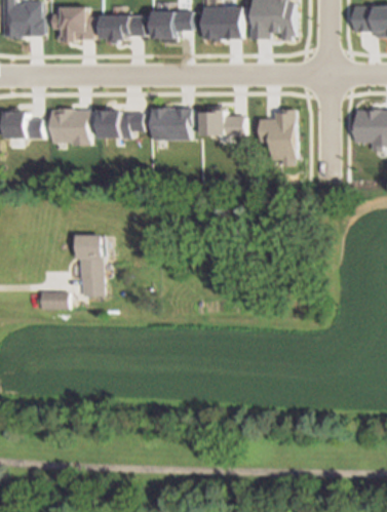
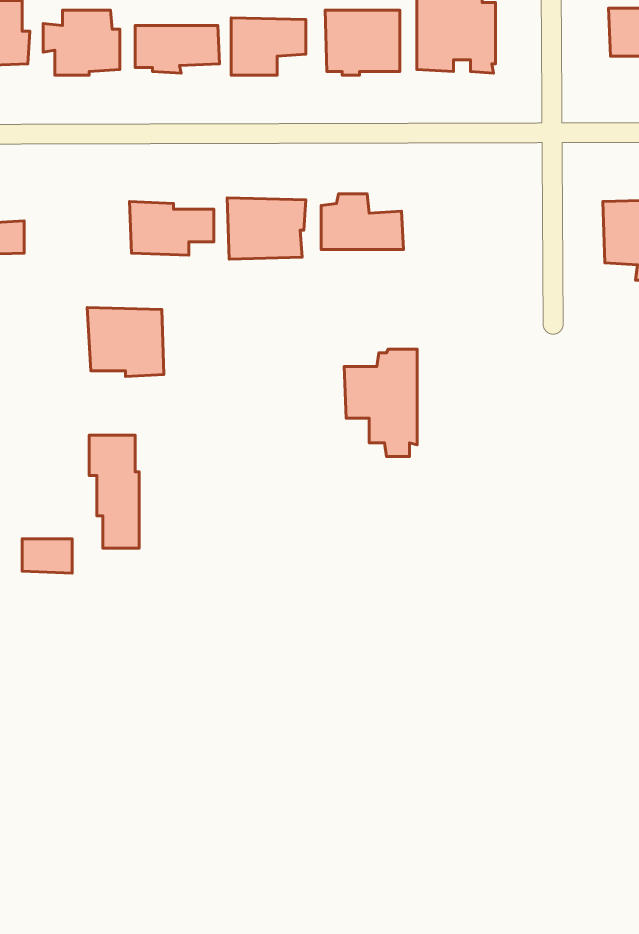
building: [48,109,89,146] -> [87,308,164,376]
building: [258,109,297,166] -> [344,349,417,456]

